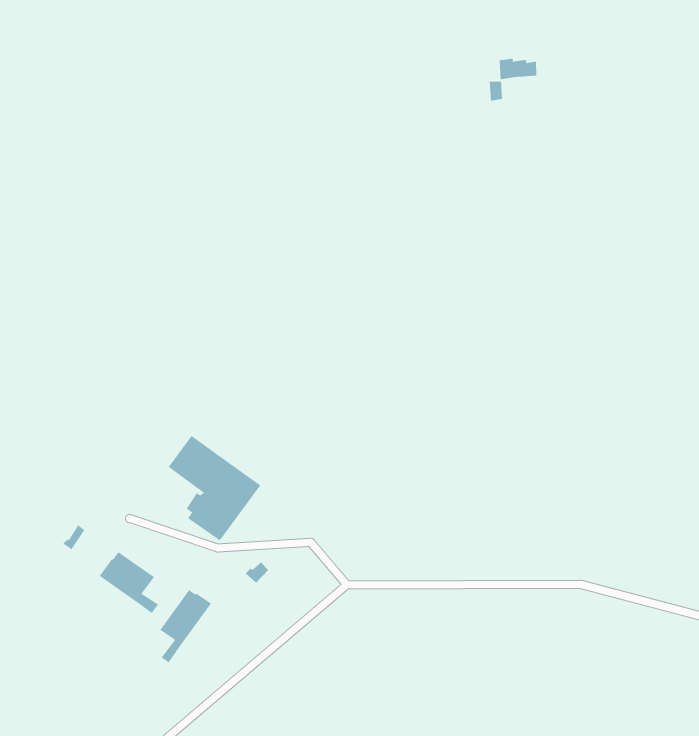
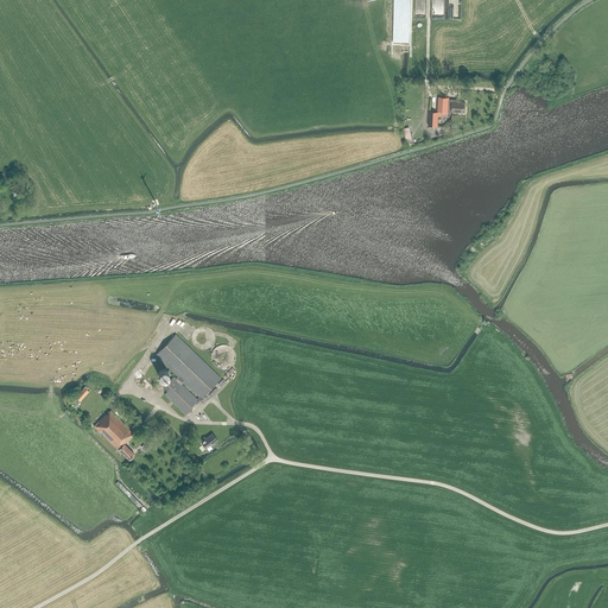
building: [159,589,212,663] -> none

